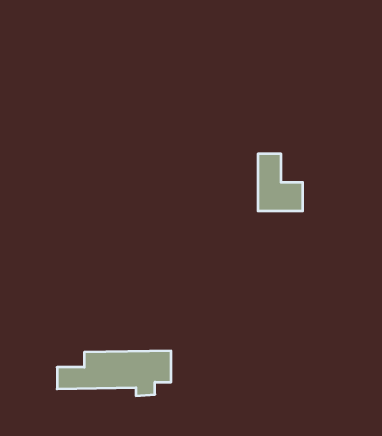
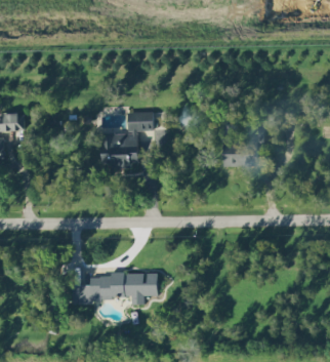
building: none -> [102,112,155,167]

